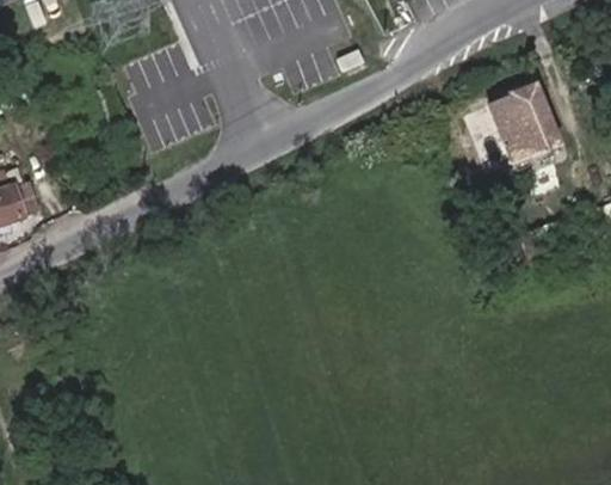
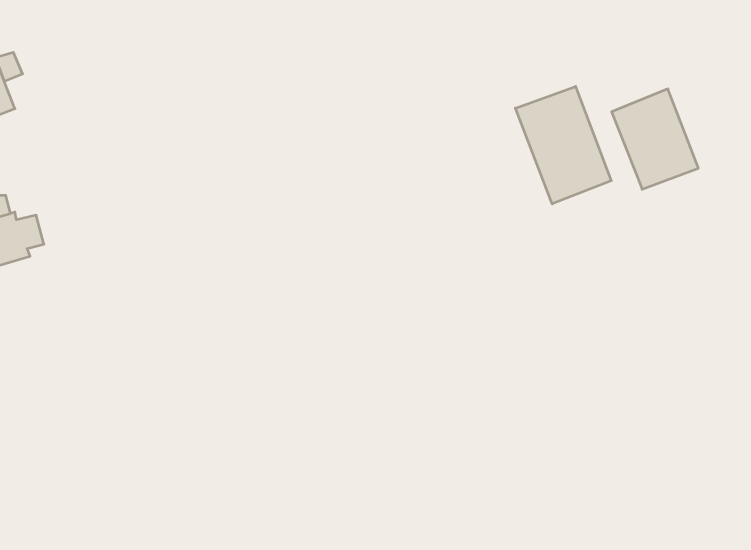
building: none -> [515,86,611,204]

